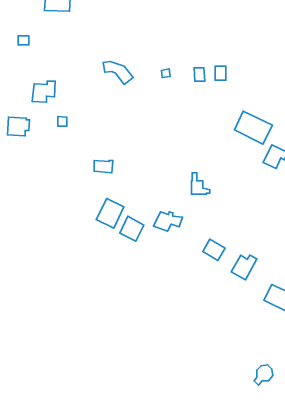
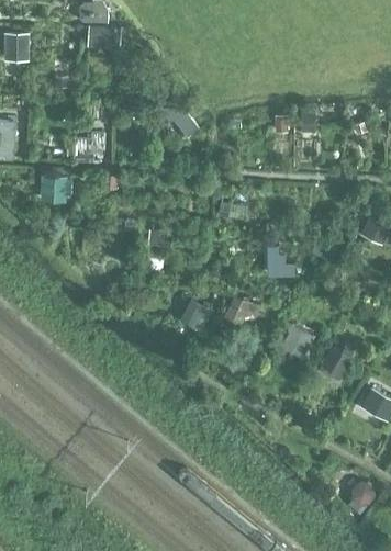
building: [234,111,272,144] -> none
building: [96,199,124,228] -> none

